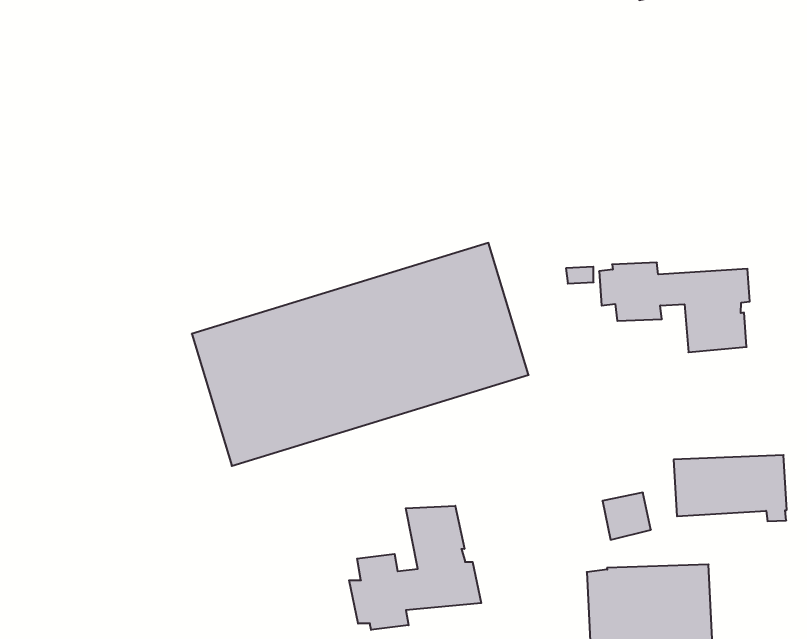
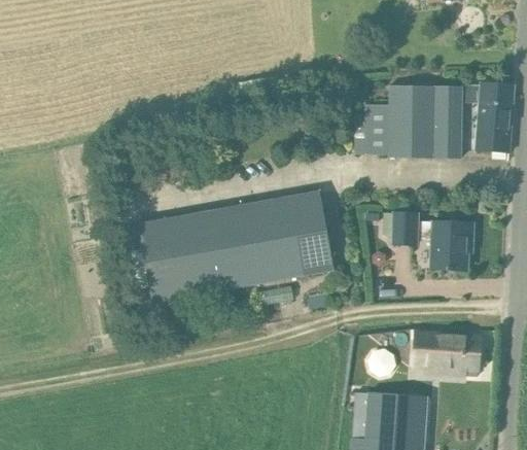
building: none -> [475,82,514,152]
building: none -> [353,84,462,159]
building: [349,506,481,630] -> none

